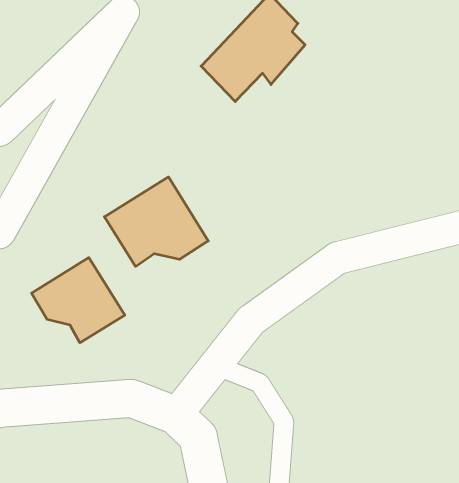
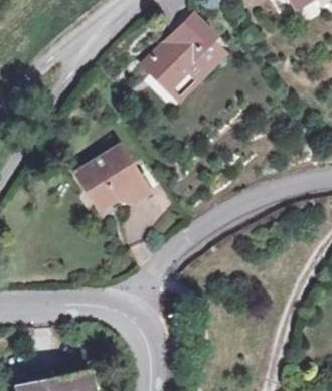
building: [32,258,125,343] -> none

